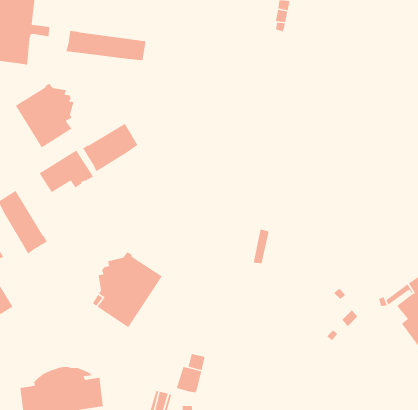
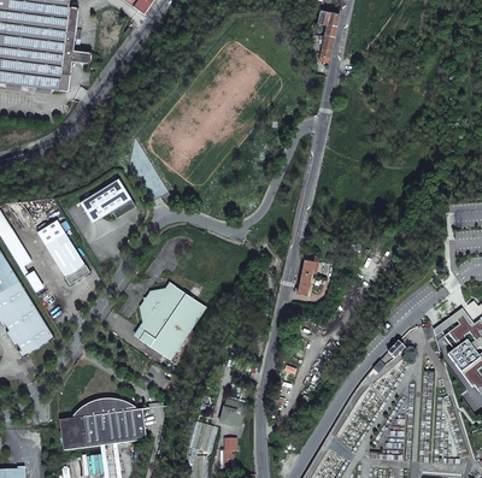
building: [65,30,146,61] -> none
building: [15,83,74,148] -> none
building: [82,123,139,172] -> none

